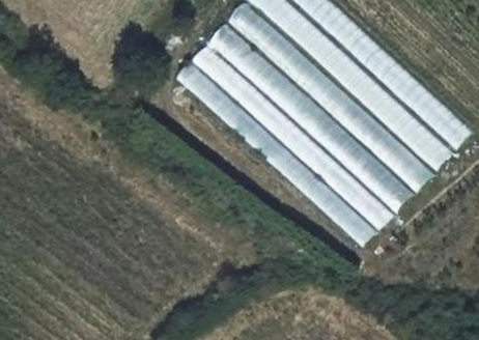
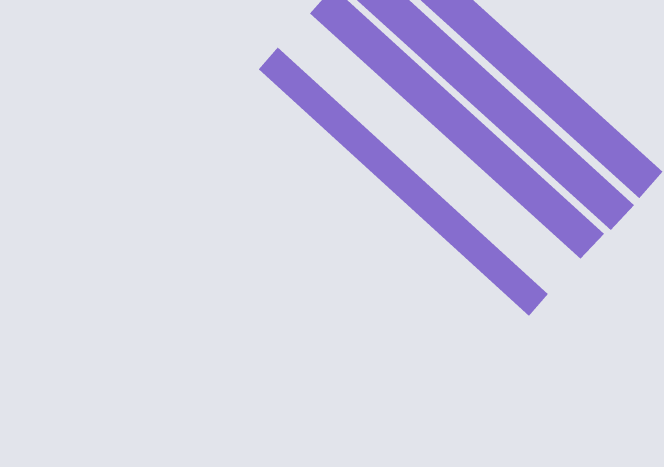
building: [208,24,412,212] -> none
building: [175,62,376,248] -> none

